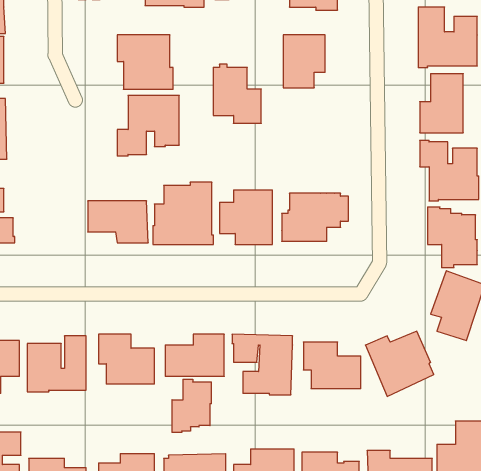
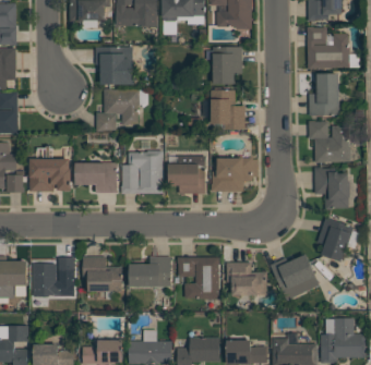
building: [213,64,261,123] -> [211,87,244,129]
building: none -> [29,157,71,191]
building: [172,379,211,432] -> none

